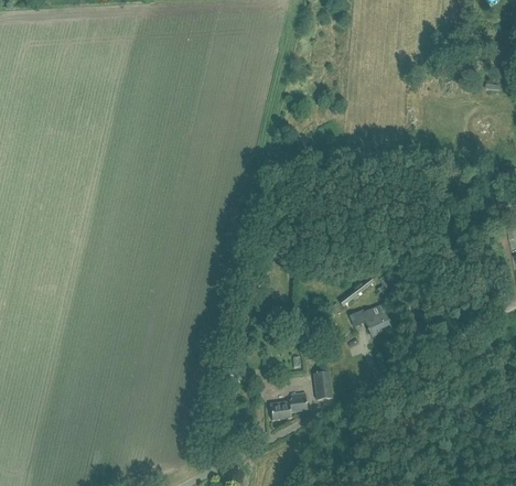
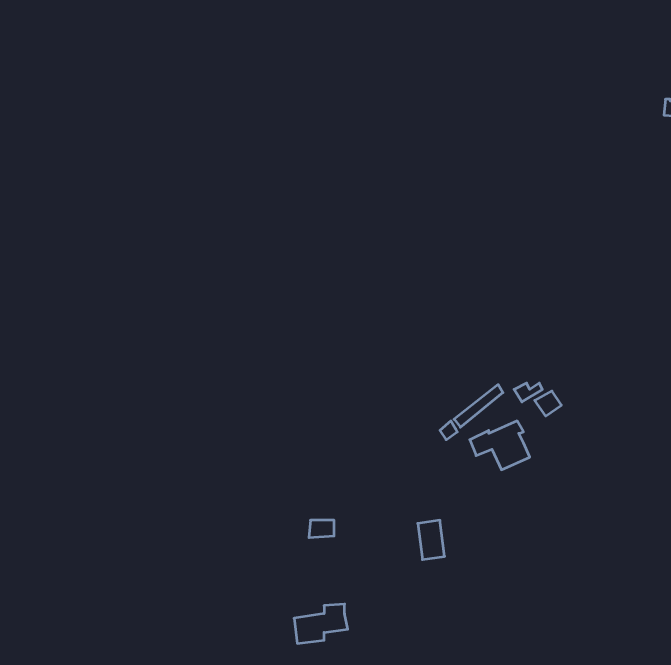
building: [270,392,308,420] -> [294,604,348,643]

